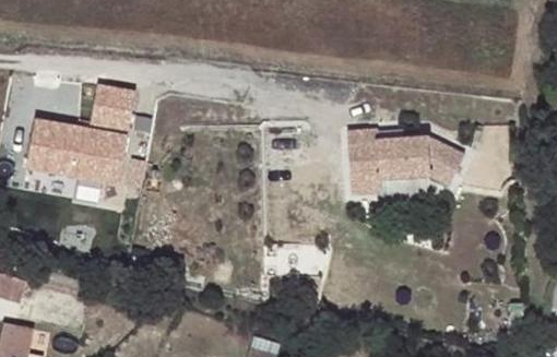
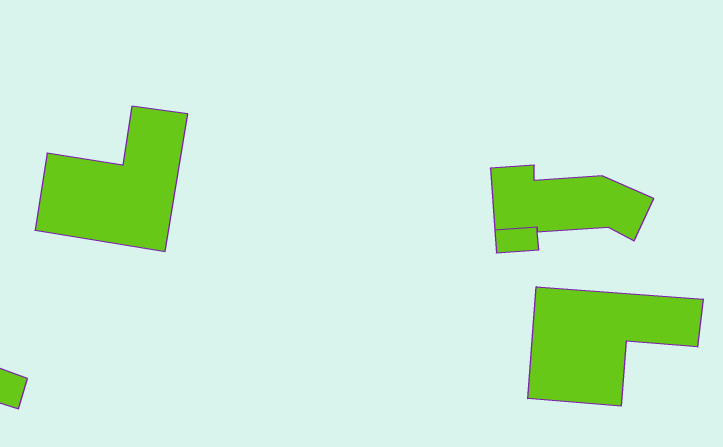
building: none -> [528,287,703,406]

